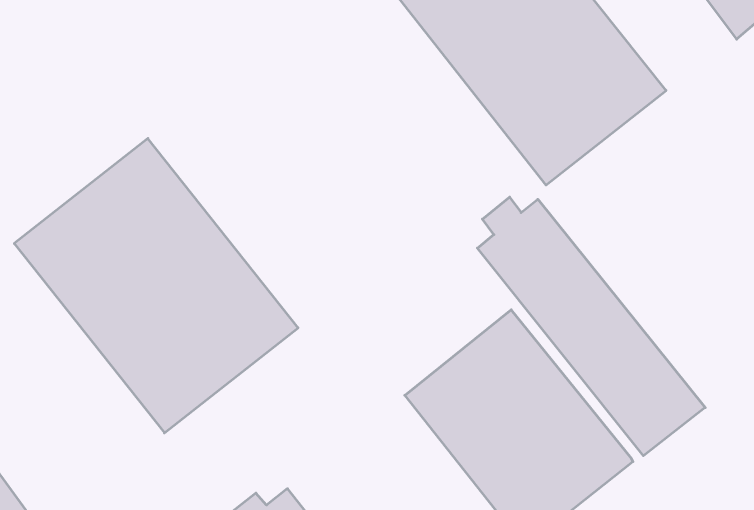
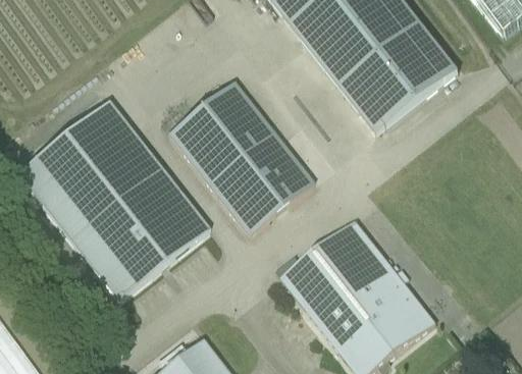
building: none -> [167,83,313,235]
building: [477,197,705,456] -> none

